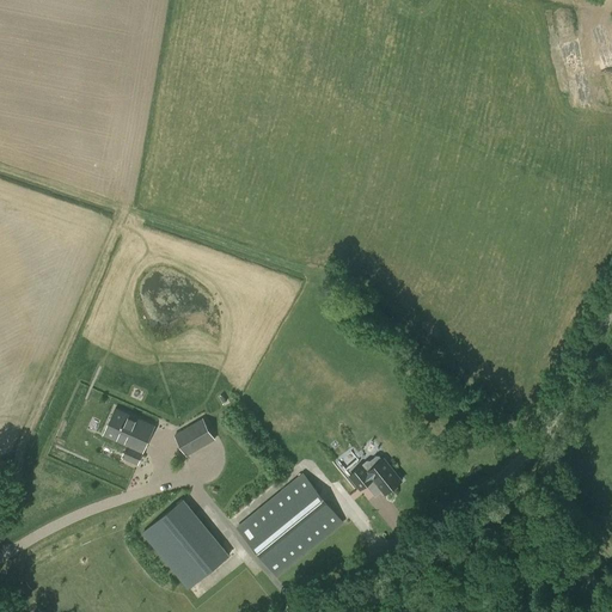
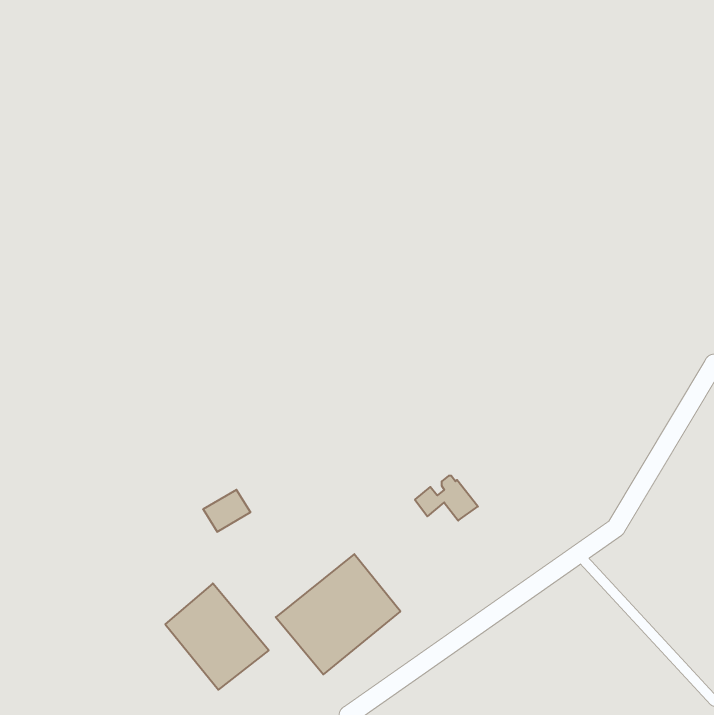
building: [102,408,153,465] -> none
building: [347,455,400,494] -> [415,476,478,521]

